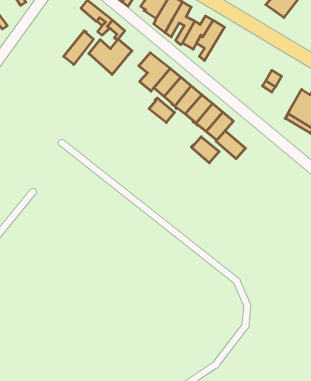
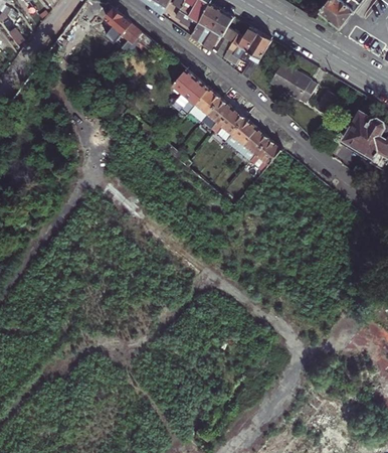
building: [64,31,93,65] -> none
building: [89,39,132,75] -> none
building: none -> [269,62,316,102]
building: [149,98,175,123] -> none
building: [216,131,246,159] -> none
building: [191,137,219,163] -> none

